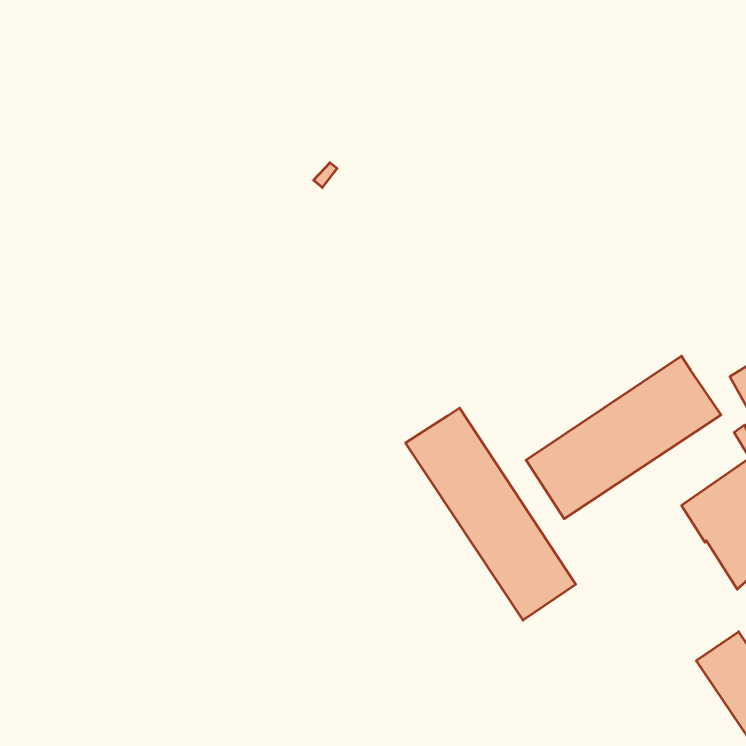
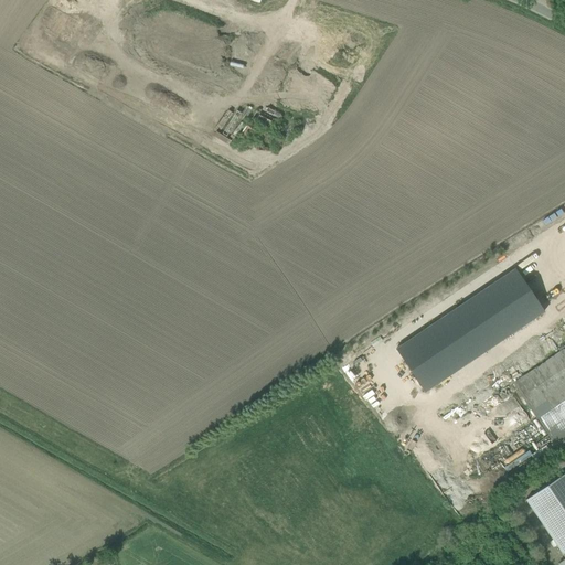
building: [406,408,576,620] -> none

